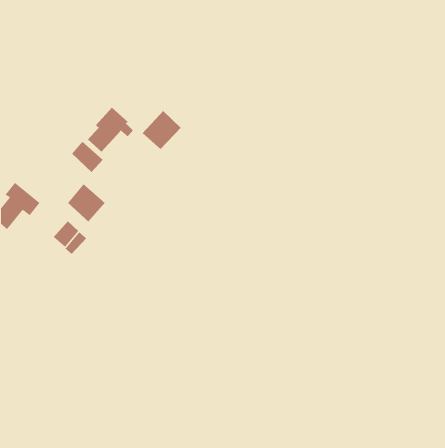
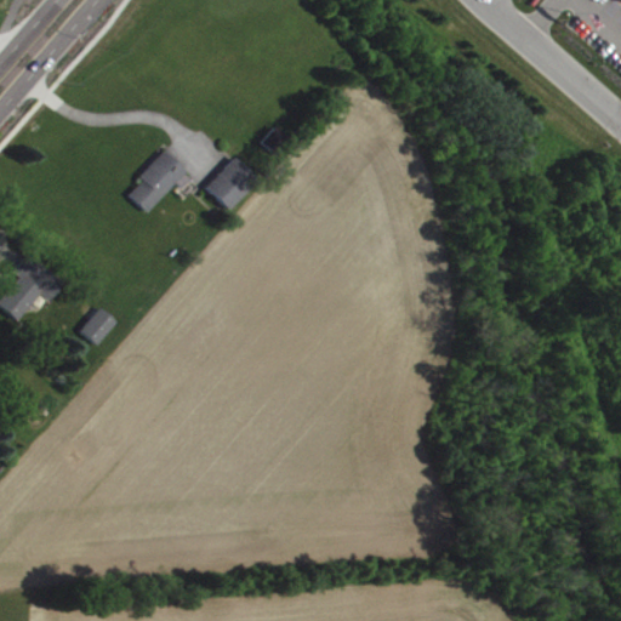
building: [71,141,104,173] -> none
building: [67,183,106,222] -> none

